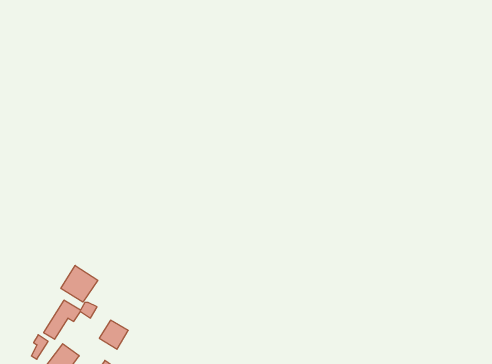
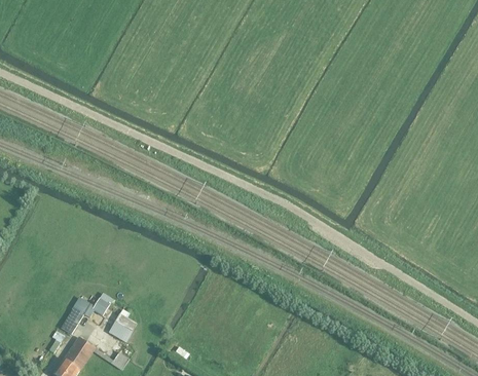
building: [61,265,98,302] -> none

